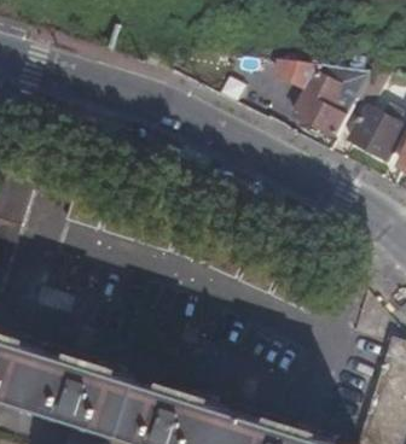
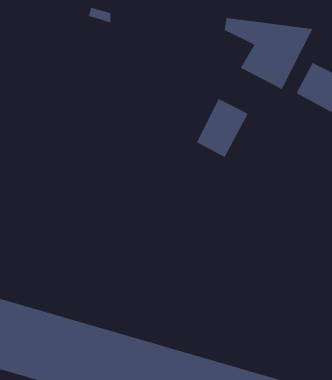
building: none -> [196,98,249,158]

